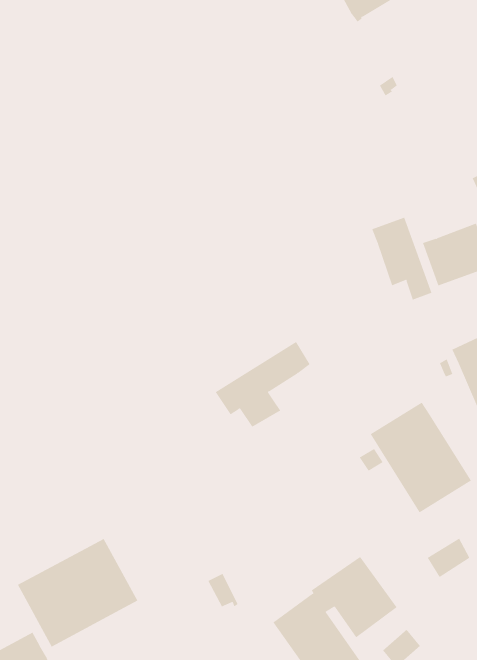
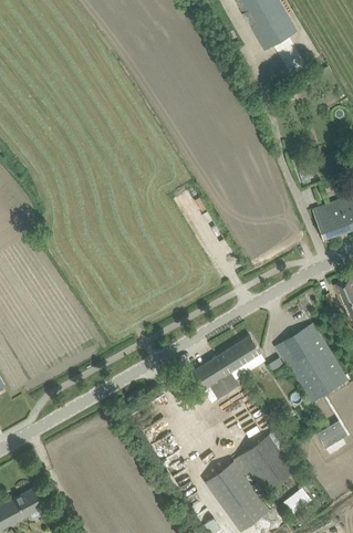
building: [372,217,432,301] -> none
building: [215,341,311,428] -> [191,336,260,398]
building: [17,538,138,647] -> none

